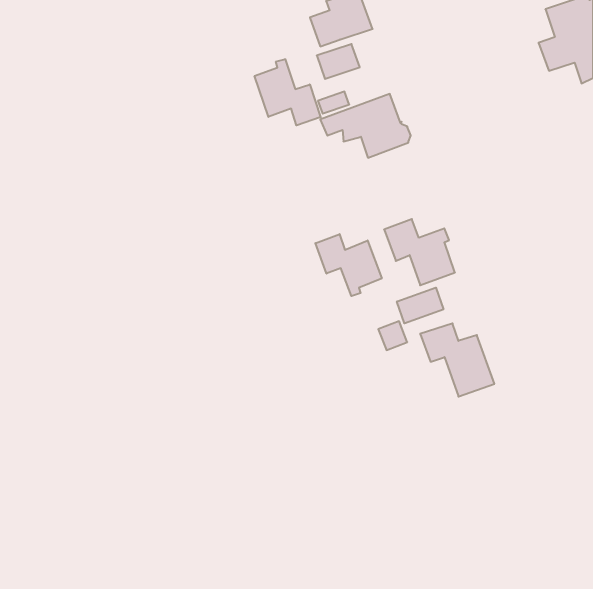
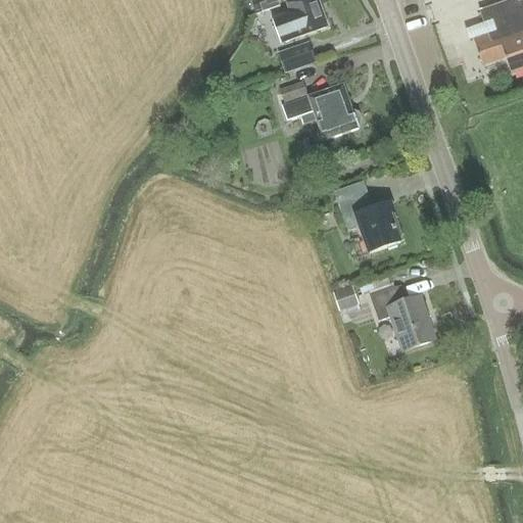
building: [255,59,321,125] -> none
building: [315,234,382,296] -> none
building: [397,288,443,323] -> none

